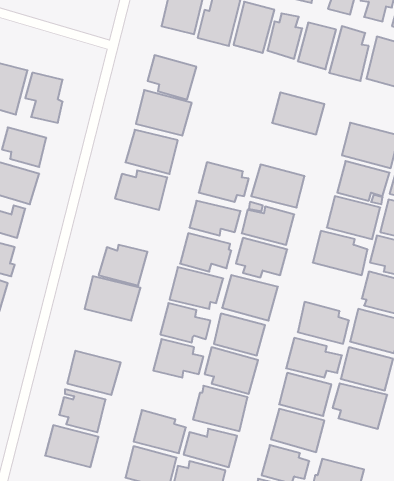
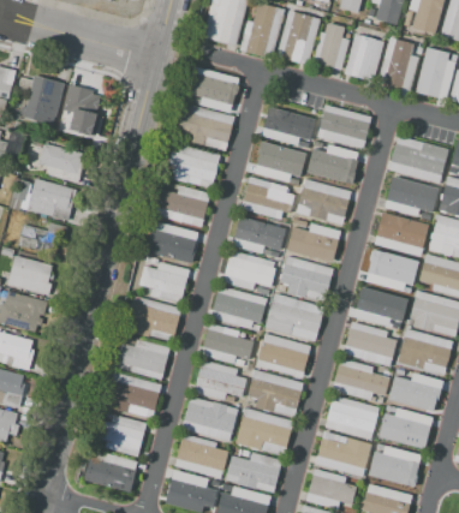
building: none -> [262,108,315,148]
building: none -> [250,141,304,185]
building: none -> [308,142,362,187]
building: none -> [147,222,198,262]
building: none -> [352,285,407,330]
building: none -> [115,339,169,381]
building: none -> [183,396,239,441]
building: none -> [371,445,427,491]

